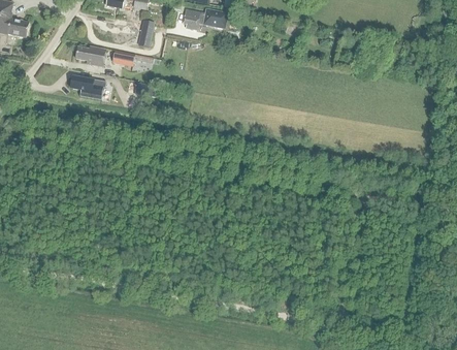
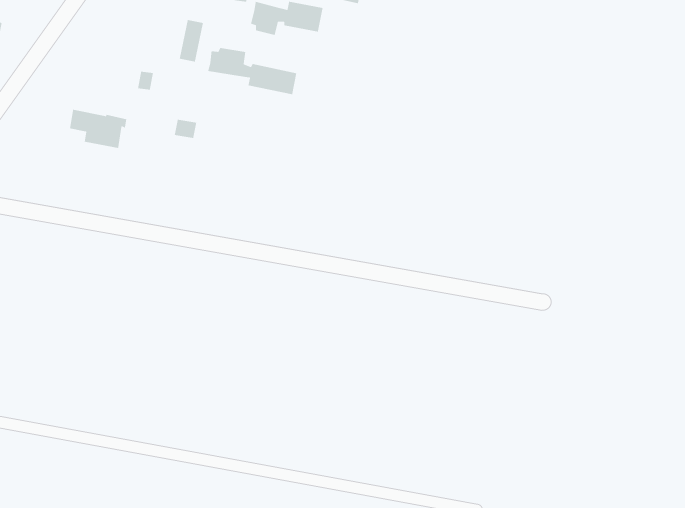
building: none -> [207,47,297,95]
building: [77,46,107,67] -> none

